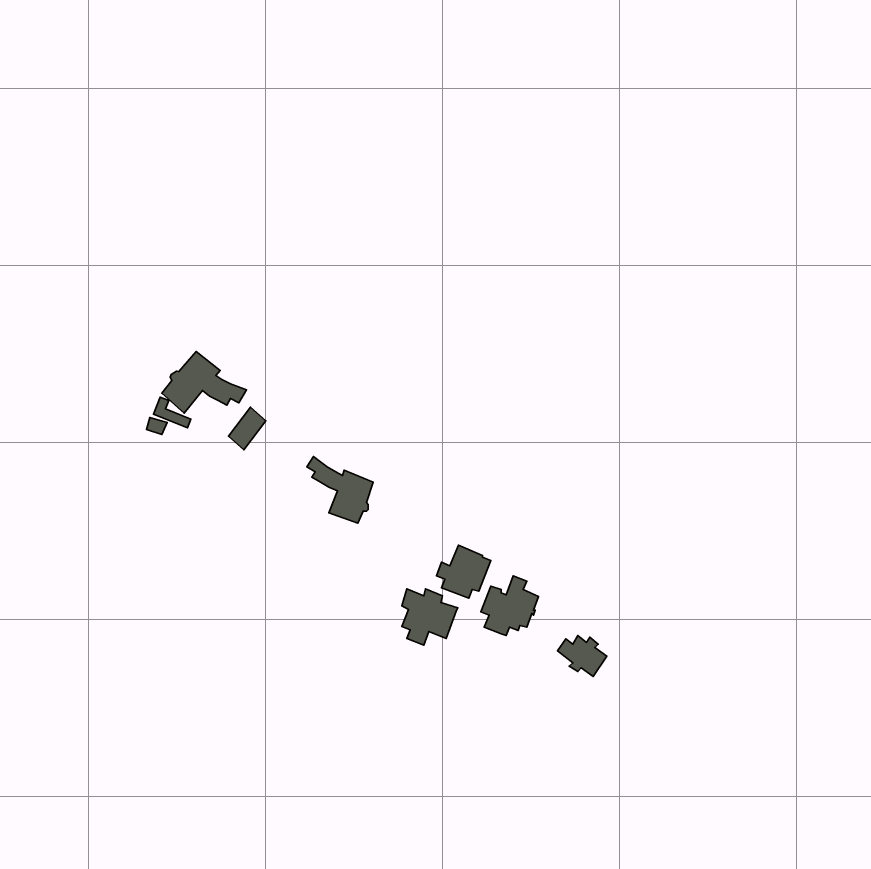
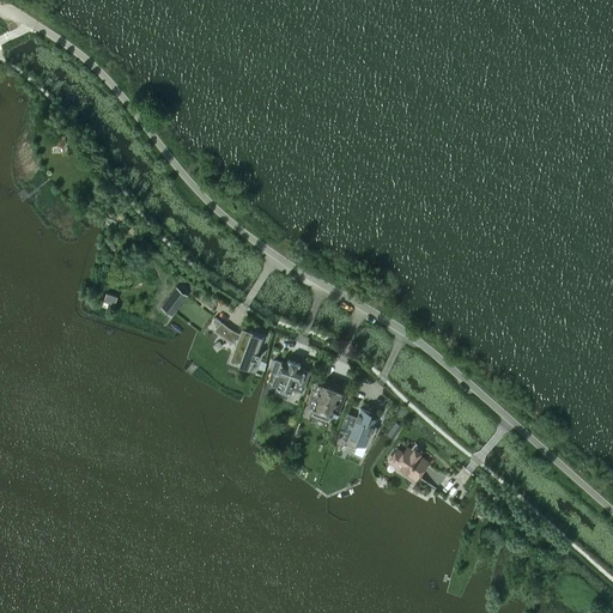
building: [162,351,246,413] -> none
building: [402,589,458,645] -> [271,359,310,399]

